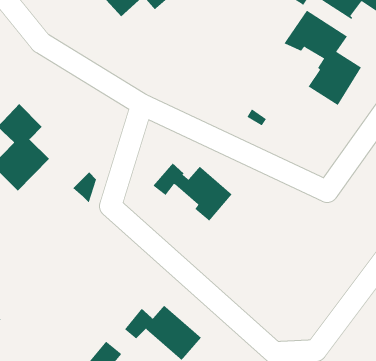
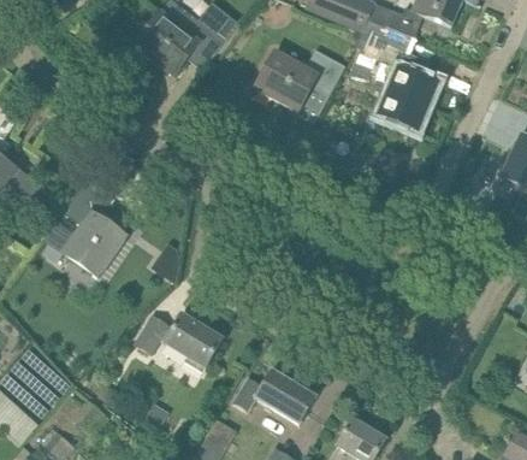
building: none -> [255,48,345,111]
building: [153,162,233,222] -> [136,314,221,371]

